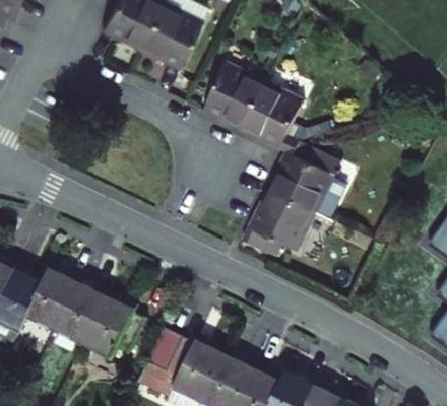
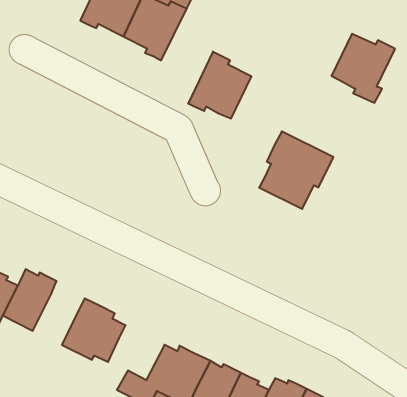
building: [243,86,303,151] -> [331,34,395,103]
building: [241,191,310,264] -> none
building: [56,279,105,339] -> none

